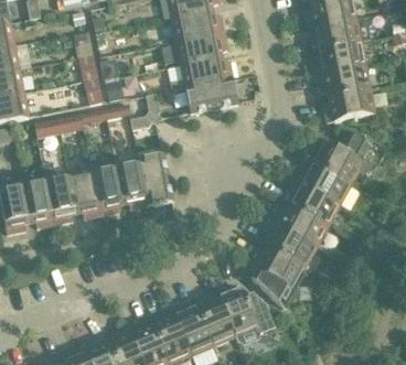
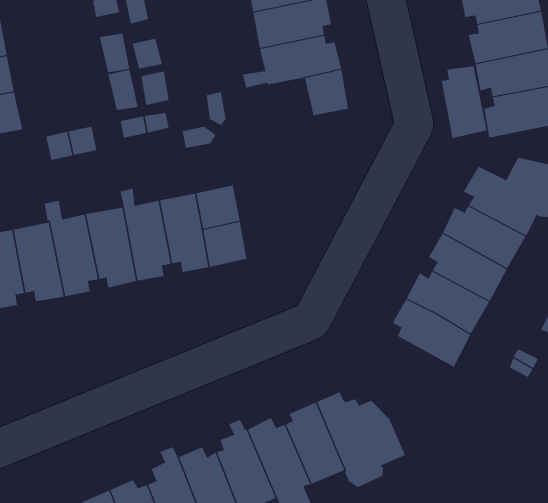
building: none -> [441,65,487,139]
building: [186,84,215,112] -> none
building: [252,249,306,309] -> none

